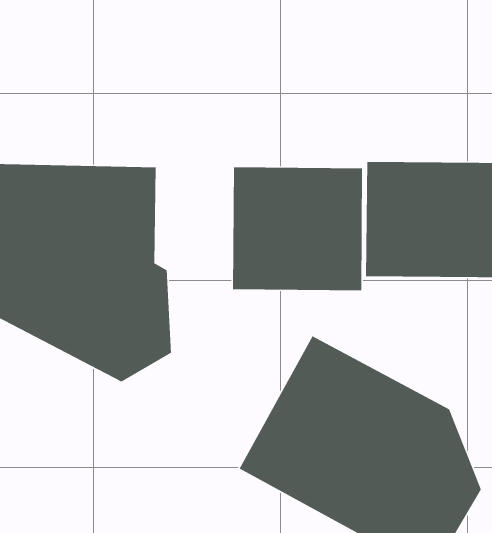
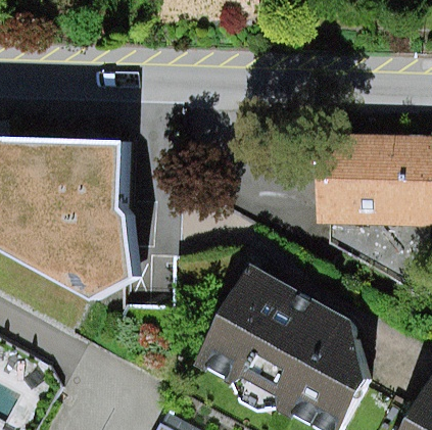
building: [232,167,363,291] -> none

